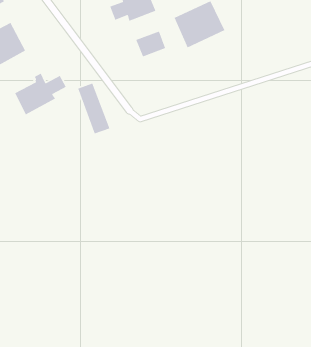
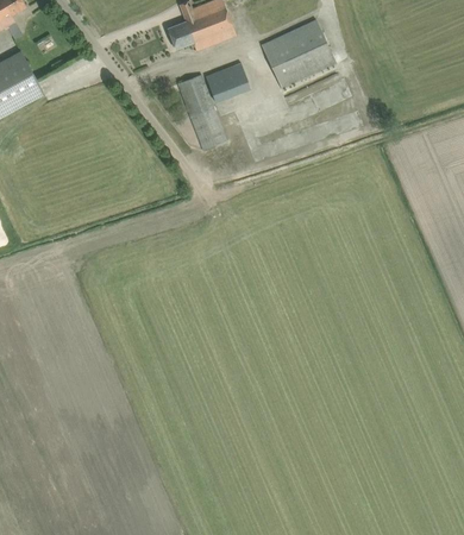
building: [14,73,67,115] -> none
building: [77,82,111,134] -> [177,74,226,150]

